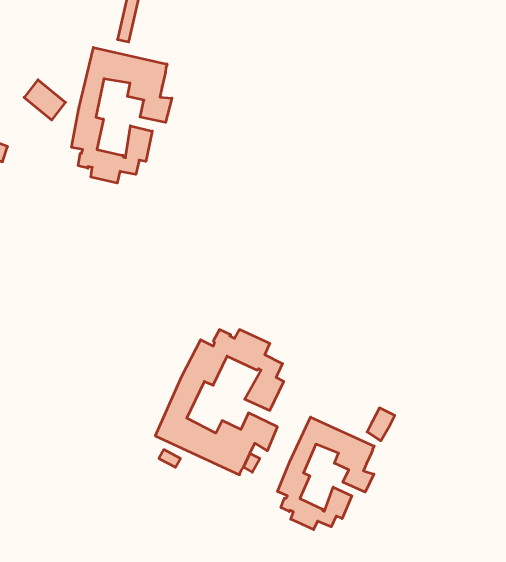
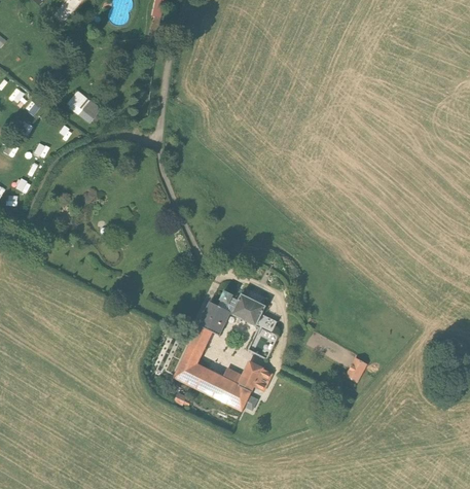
building: [72,47,172,183] -> none
building: [278,417,374,530] -> none

